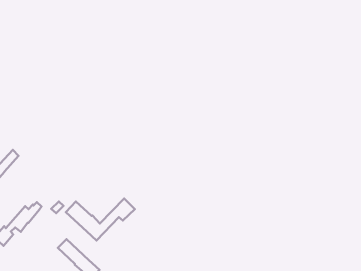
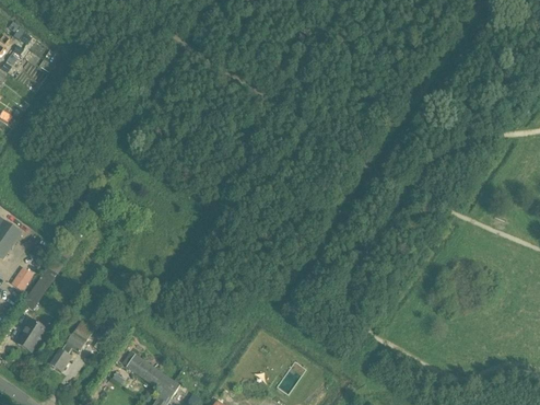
building: [66,199,135,241] -> none

